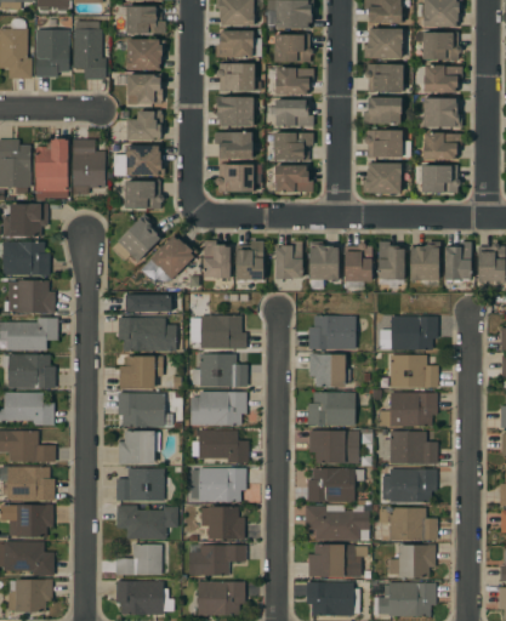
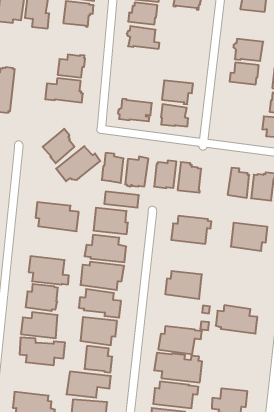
building: [363,28,402,58] -> none
building: [274,34,312,62] -> none
building: [275,68,313,95] -> none
building: [126,74,163,104] -> none
building: [215,97,252,127] -> none
building: [266,99,313,126] -> none
building: [363,130,402,158] -> none
building: [214,132,251,159] -> none
building: [72,139,104,194] -> none
building: [362,163,400,193] -> none
building: [125,181,164,209] -> none
building: [343,243,371,281] -> none
building: [124,295,170,312] -> [104,192,139,208]
building: [308,353,349,387] -> none
building: [390,354,438,388] -> none
building: [118,355,161,389] -> none
building: [379,393,437,427] -> none
building: [308,431,358,463] -> none
building: [381,469,436,502] -> none
building: [377,507,437,541] -> none
building: [114,542,161,575] -> none

